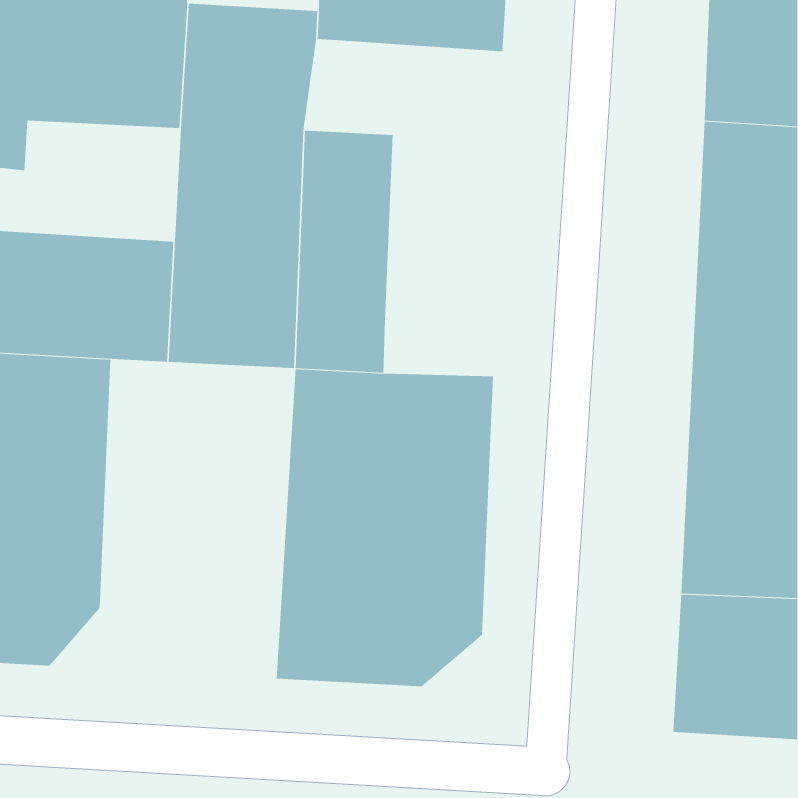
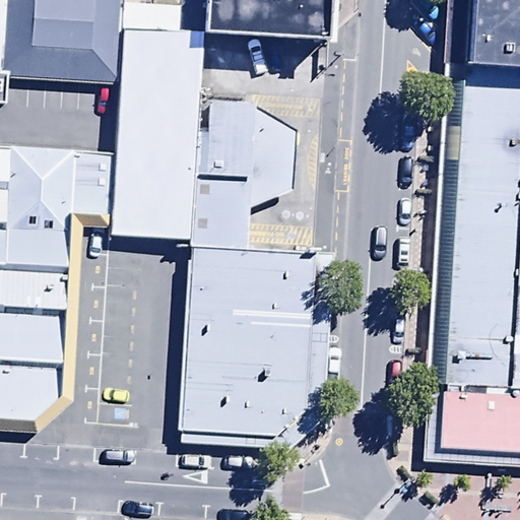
building: none -> [250,87,297,207]

